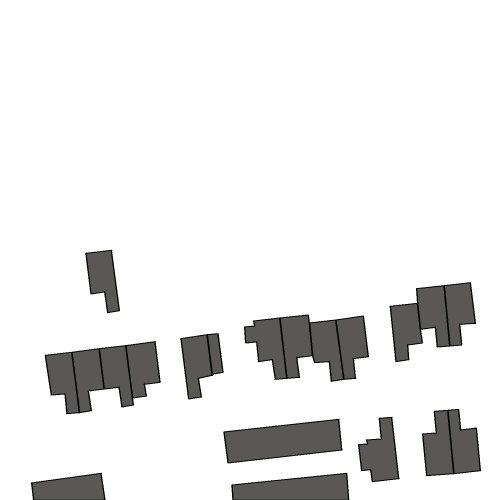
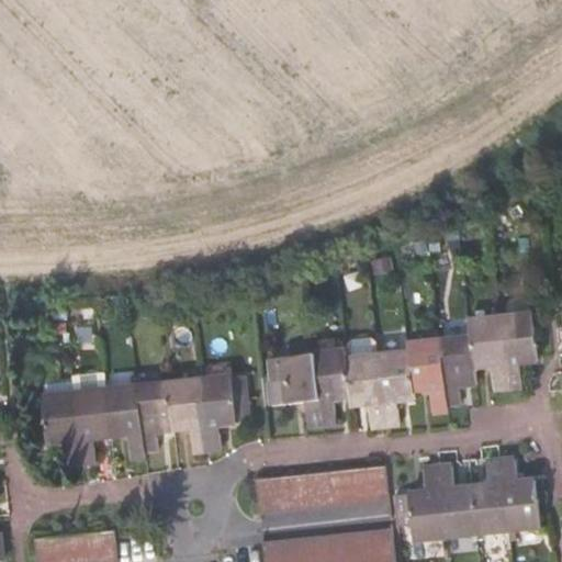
building: [86,250,119,312] -> [173,379,211,448]
building: none -> [406,342,443,413]
building: none -> [438,464,476,535]

